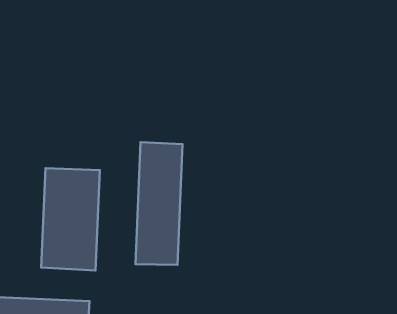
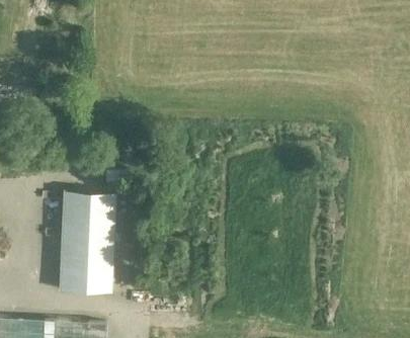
building: [136,142,182,265] -> none

